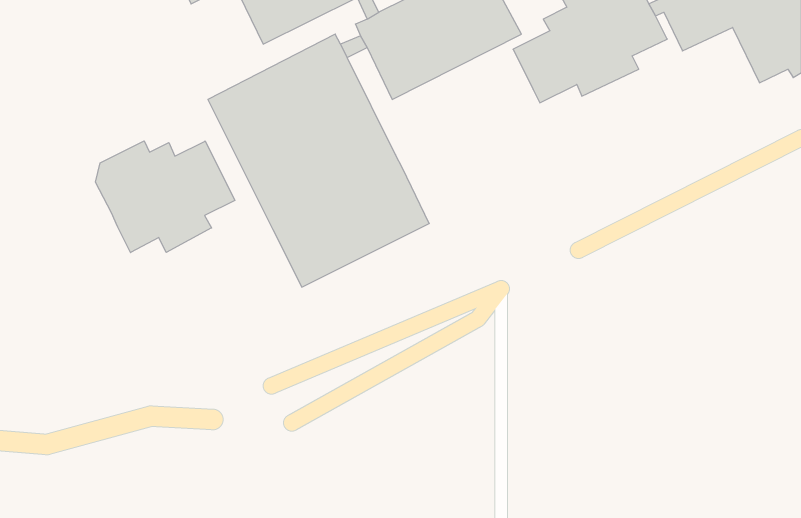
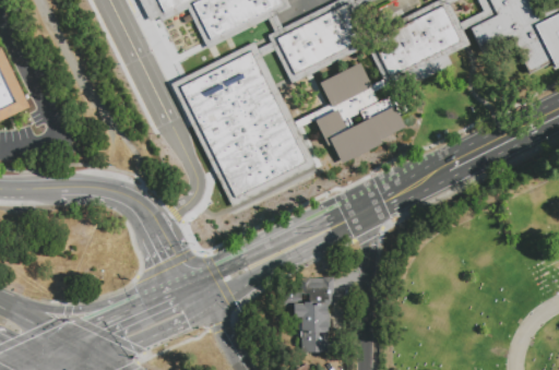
building: none -> [294,61,405,162]
building: [95,141,235,253] -> none
building: none -> [281,277,334,351]

